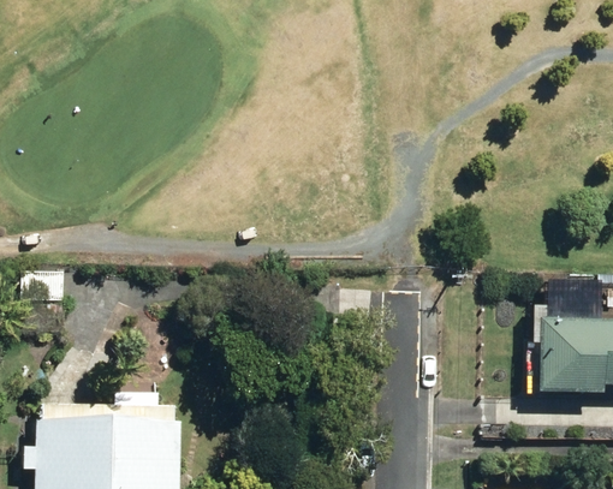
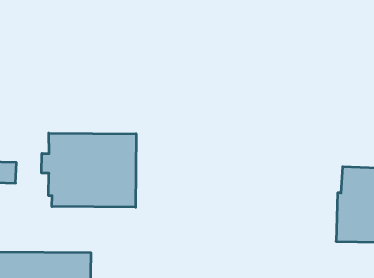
building: none -> [42,133,136,207]

